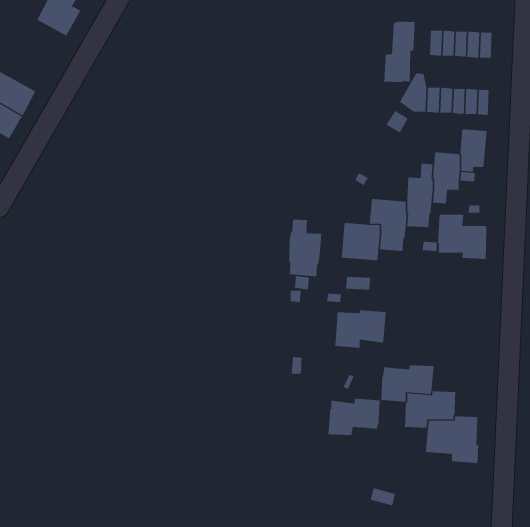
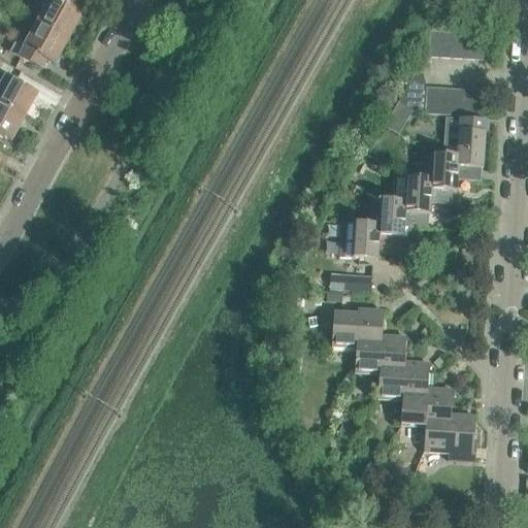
building: none -> [18,20,66,67]
building: [384,21,415,83] -> none
building: [438,214,487,260] -> none
building: [289,219,322,277] -> none
building: [327,398,380,436] -> [355,335,407,372]

